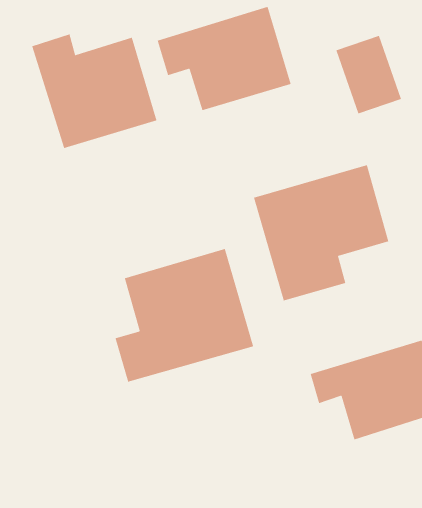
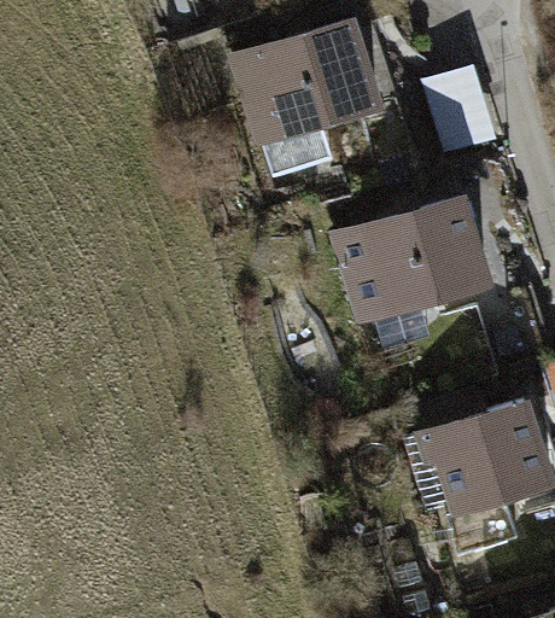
building: [31,34,157,149] -> none
building: [115,248,254,382] -> none

